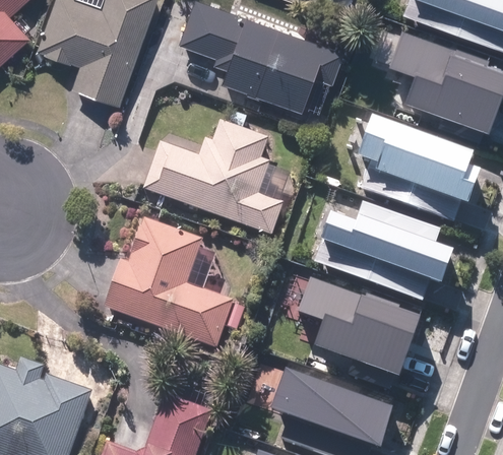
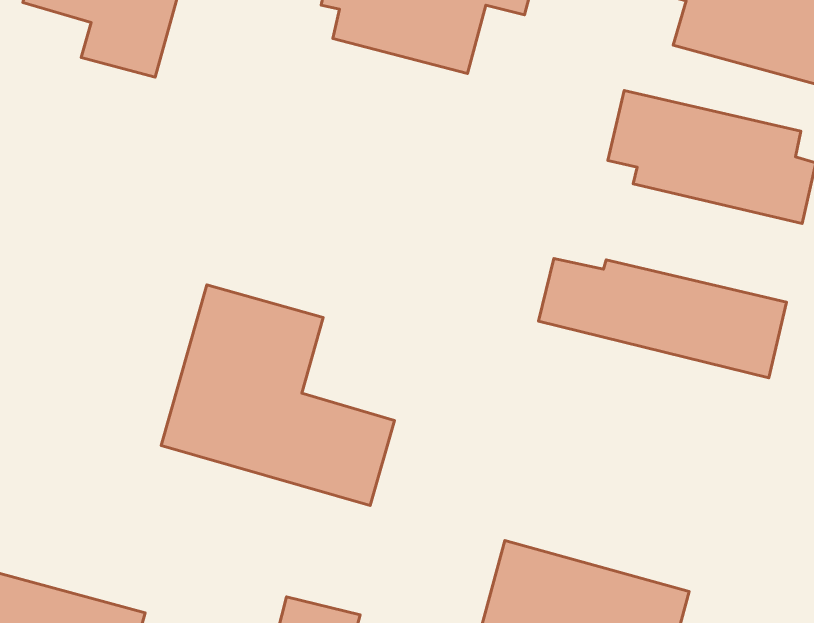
building: [147,123,288,233] -> none
building: [301,286,431,383] -> none

